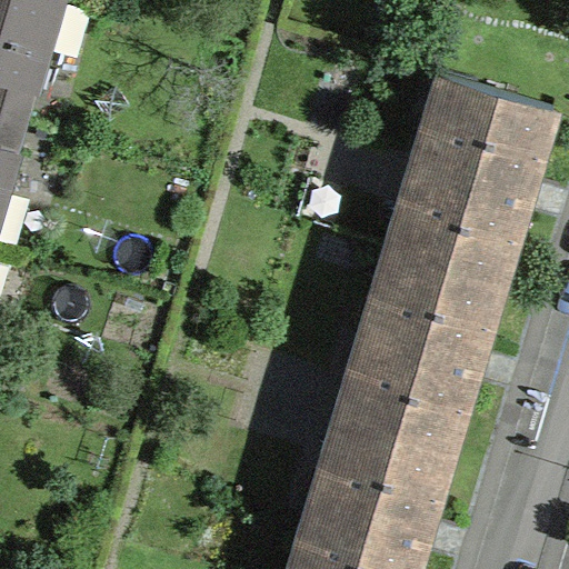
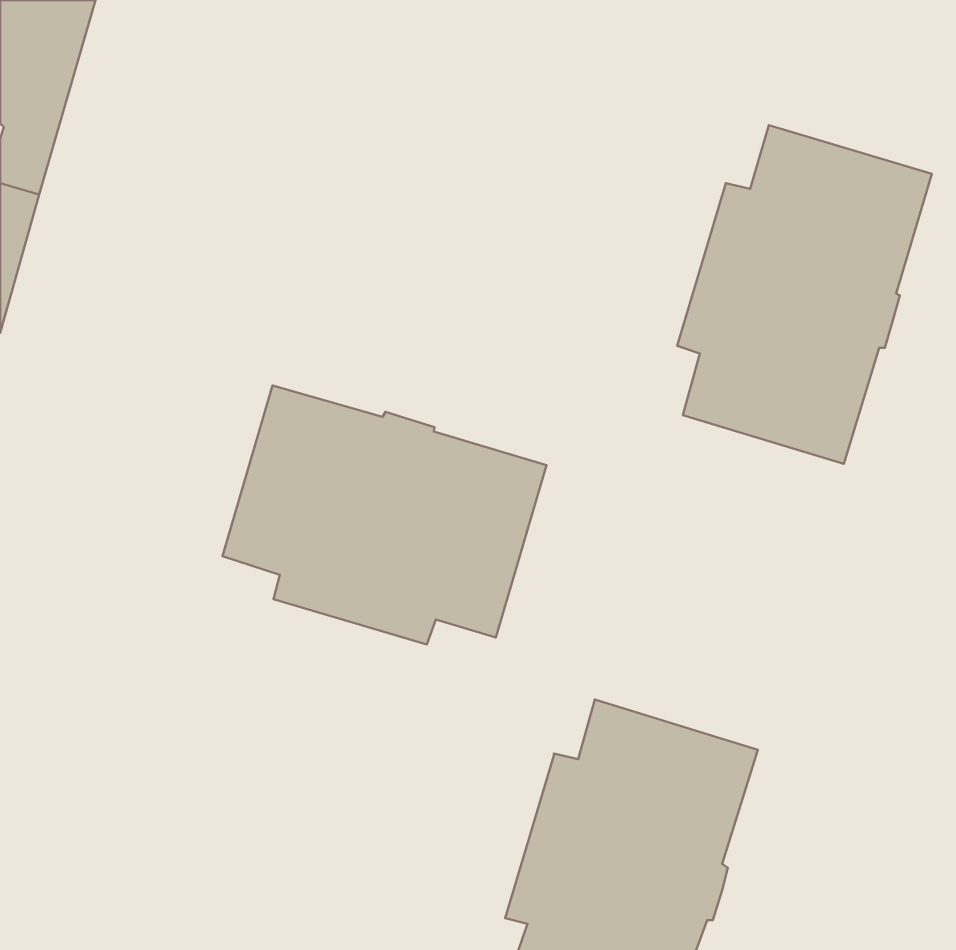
building: none -> [223,385,547,644]
building: [351,250,501,449] -> none

